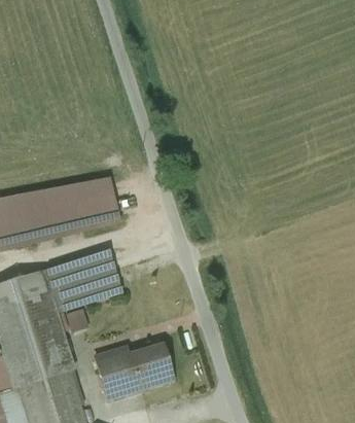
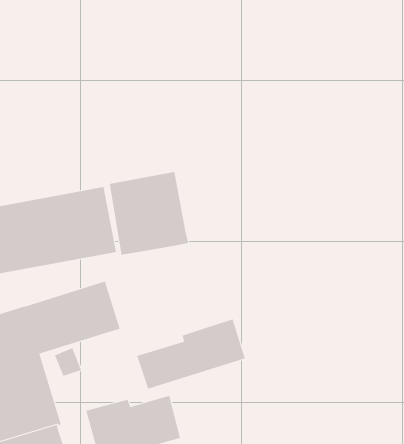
building: none -> [109,171,189,255]
building: none -> [136,319,245,390]

